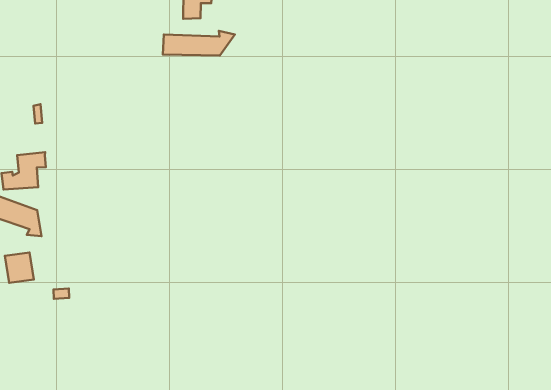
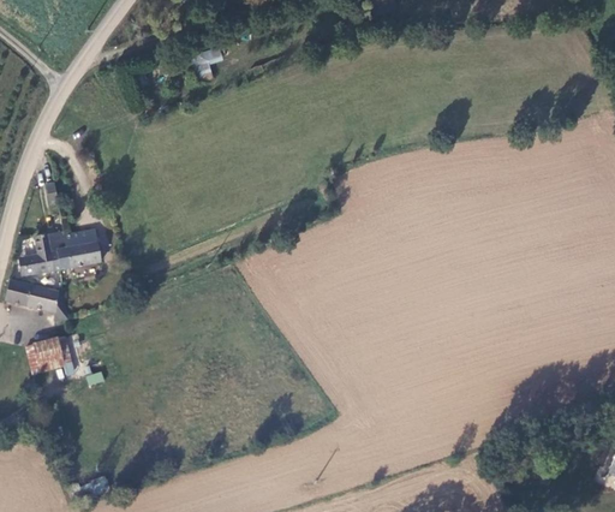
building: [163,31,235,55] -> none
building: none -> [55,234,100,274]

